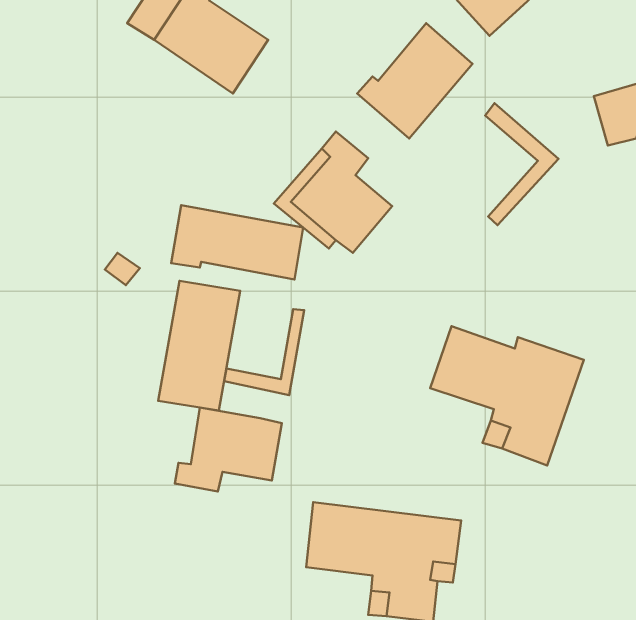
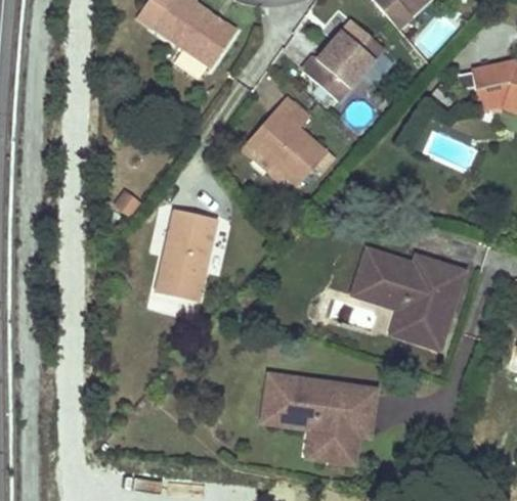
building: [485,103,558,225] -> none
building: [171,205,303,280] -> none
building: [224,309,304,395] -> none
building: [175,407,282,492] -> none

